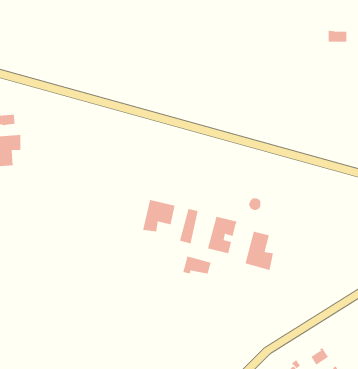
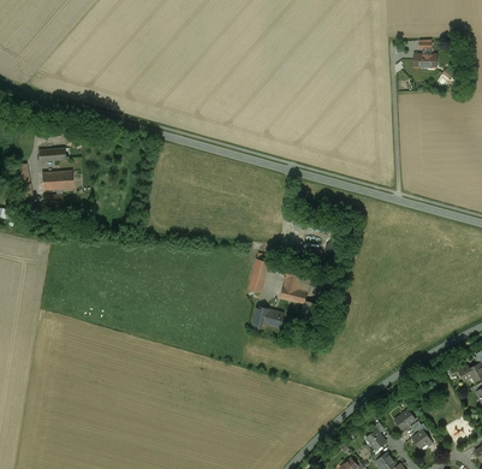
building: [142,199,175,232] -> none
building: [245,231,273,271] -> none

